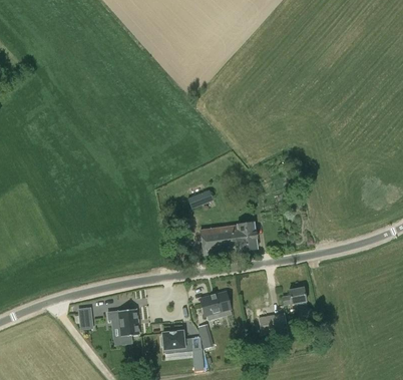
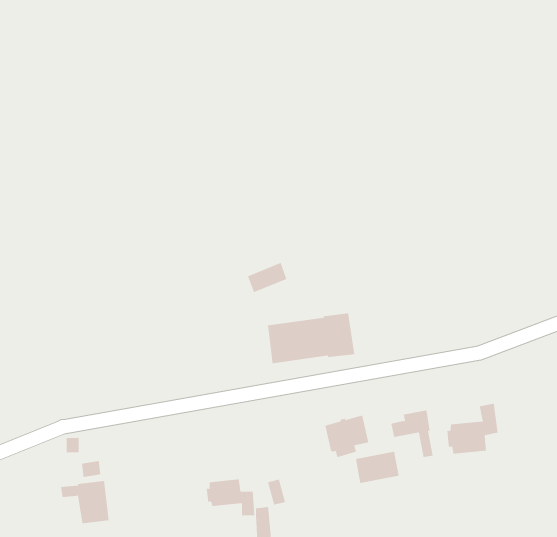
building: none -> [447,403,498,454]
building: [200,291,230,319] -> [324,415,369,458]
building: [107,308,139,336] -> [60,481,110,524]

